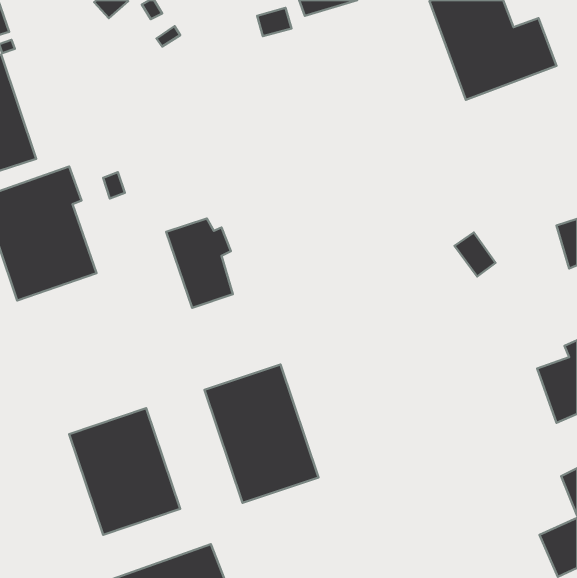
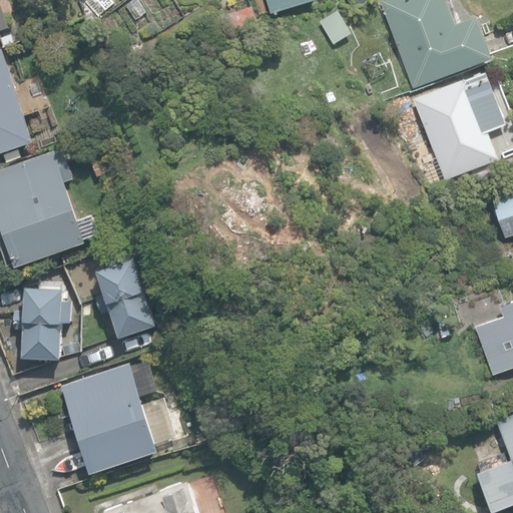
building: none -> [412,72,505,180]
building: [166,218,233,308] -> [96,259,155,338]
building: none -> [22,289,71,361]
building: [205,364,319,503] -> none

